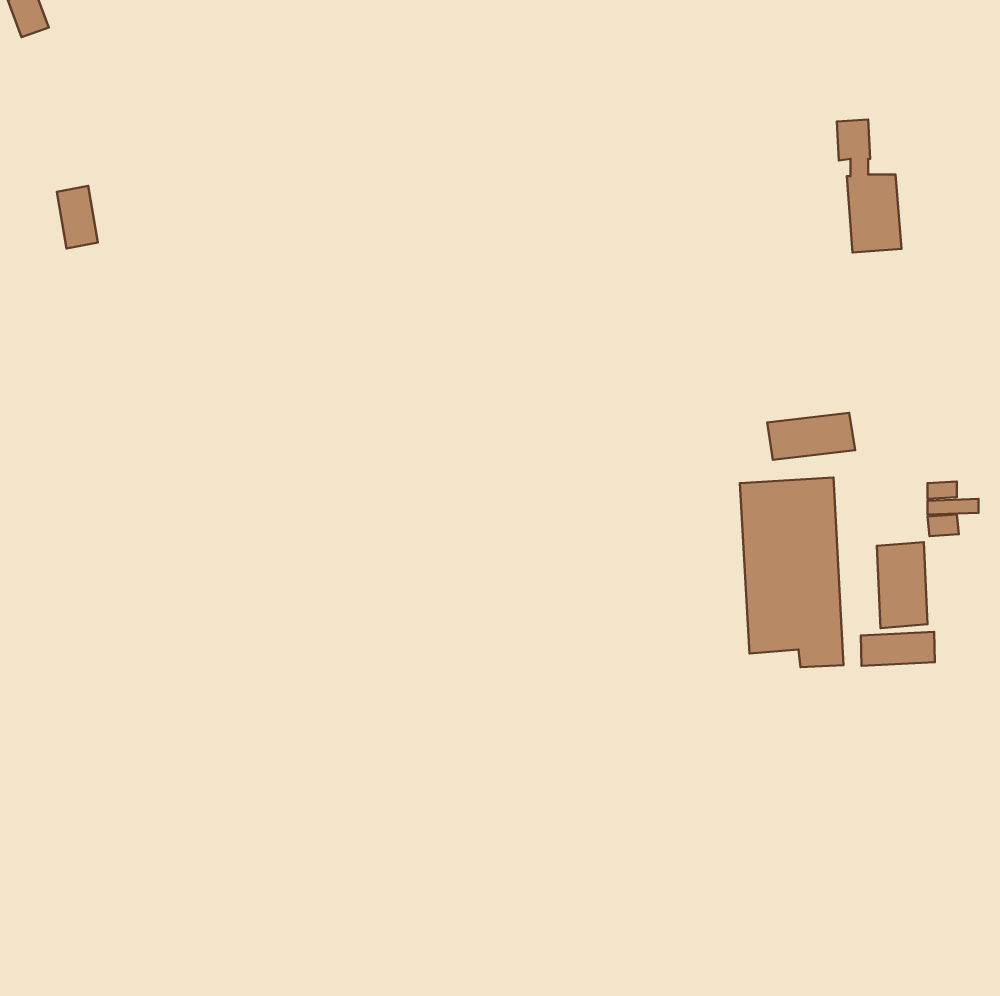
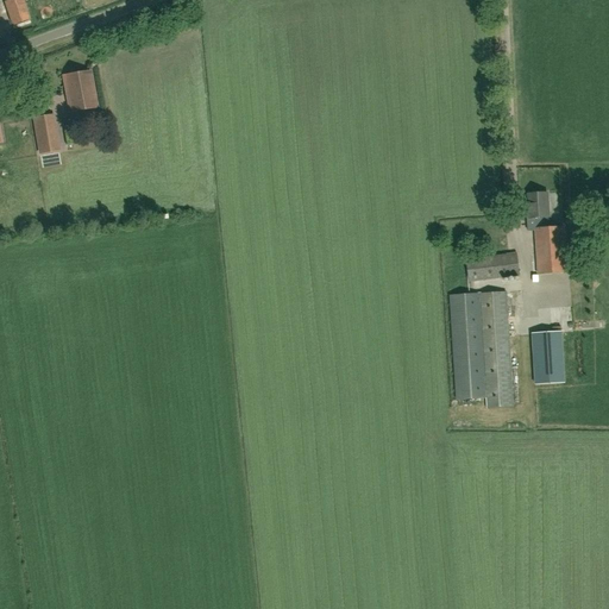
building: none -> [63,68,98,109]
building: [837,120,902,253] -> [529,192,569,272]
building: [861,632,935,666] -> none

